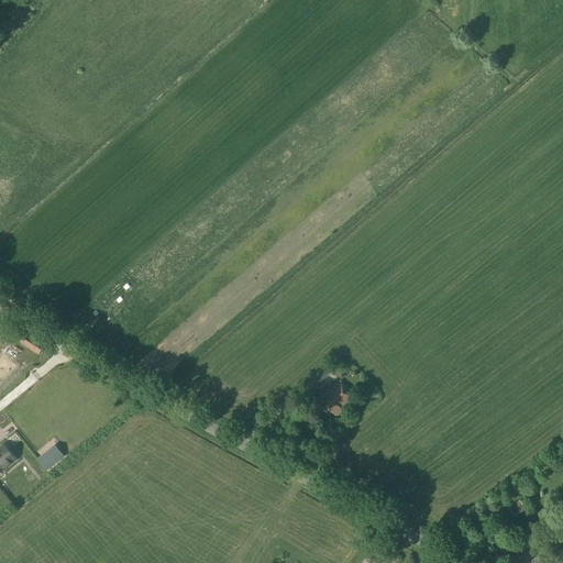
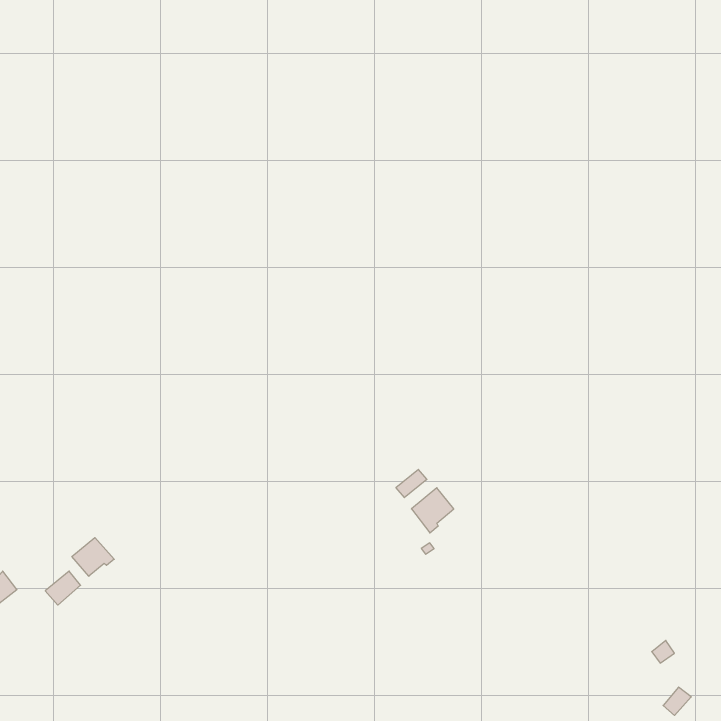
building: none -> [72,538,114,576]

